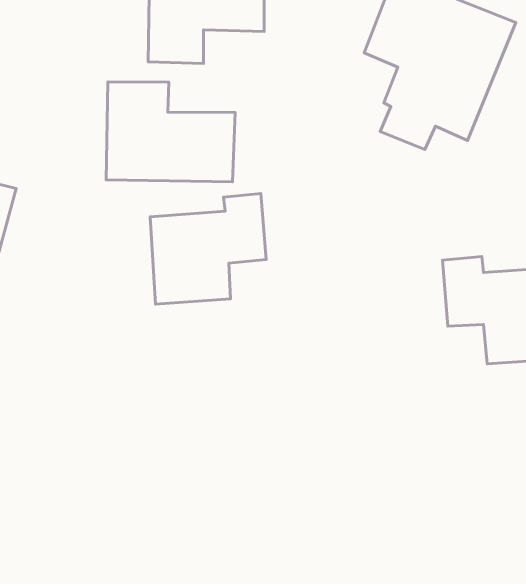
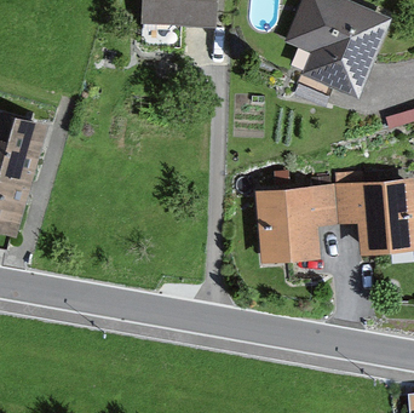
building: [106,82,235,182] -> none
building: [150,193,266,304] -> [260,179,339,254]

